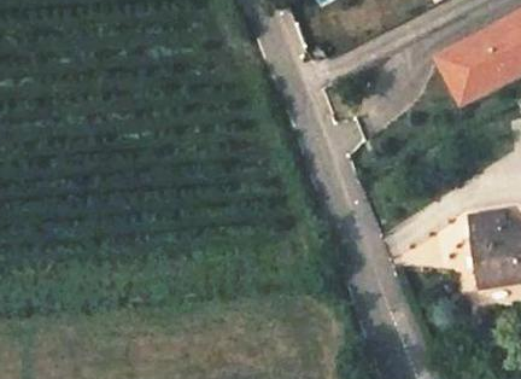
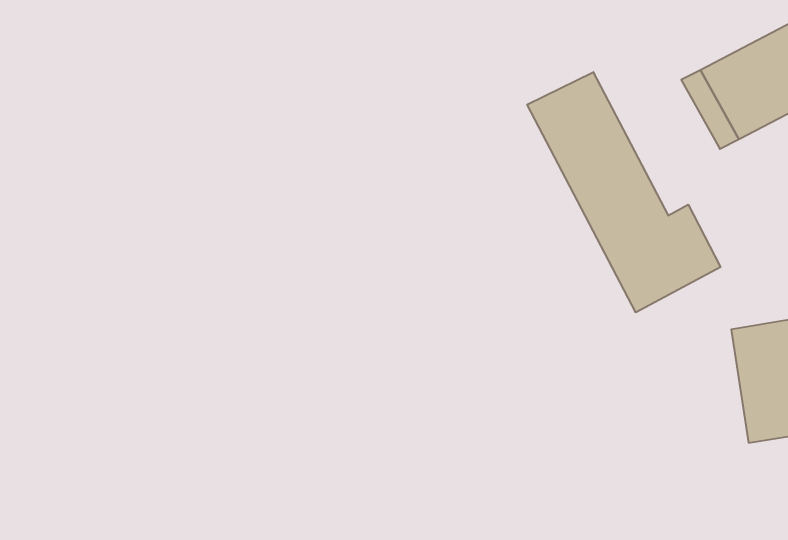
building: none -> [527,72,720,312]

